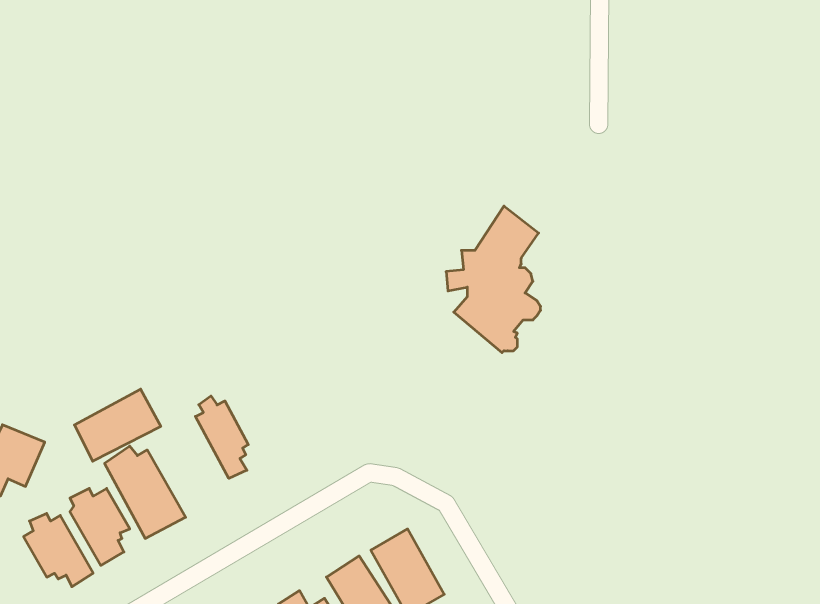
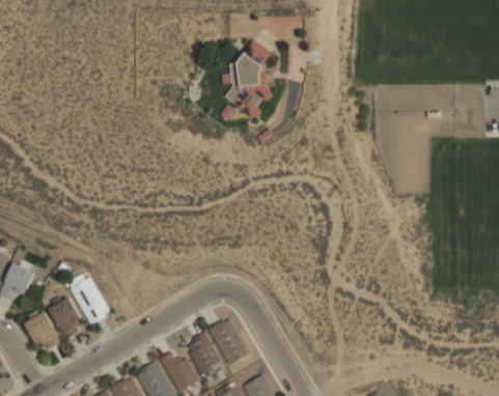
building: [446,206,541,353] -> [220,38,271,117]
building: [74,389,161,461] -> none
building: [195,396,248,478] -> none

